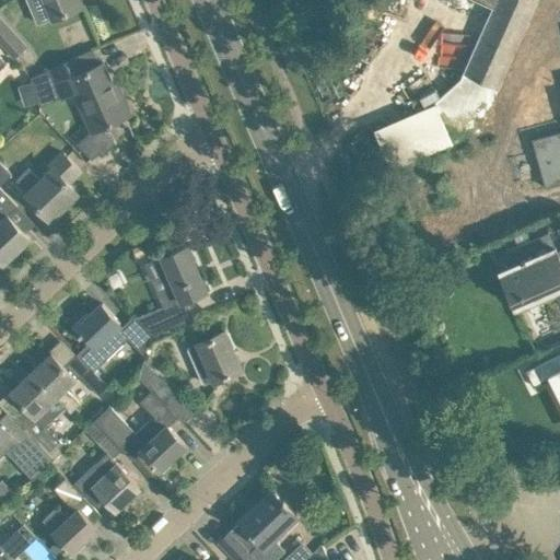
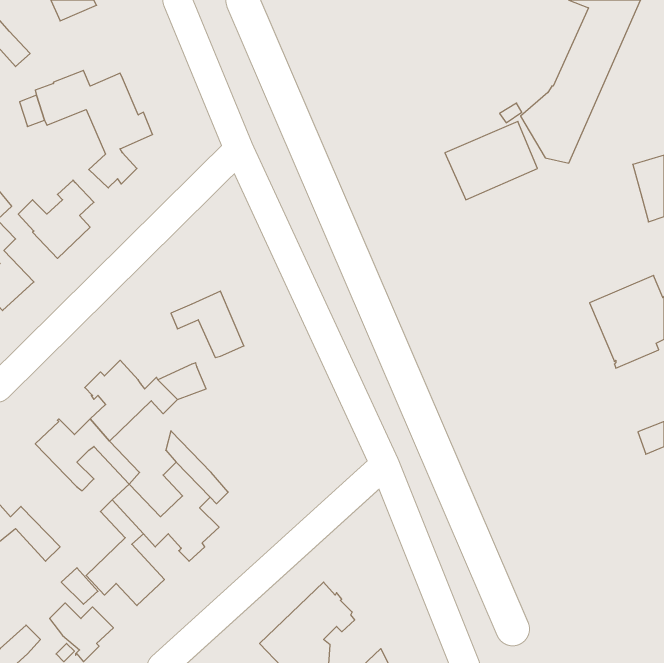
building: [187,332,238,385] -> none
building: [9,375,65,462] -> none

